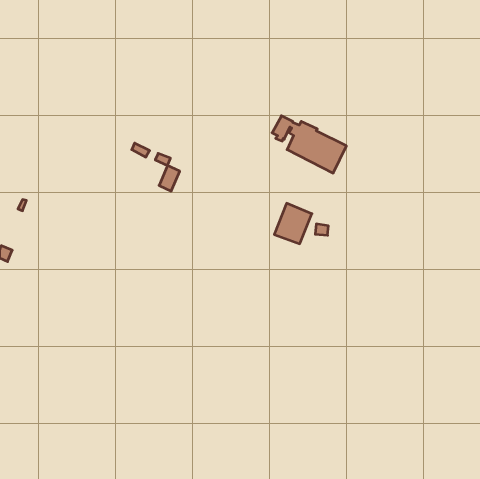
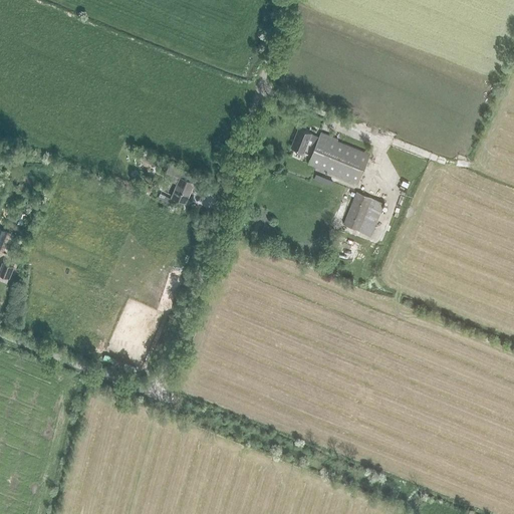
building: [274,203,312,244] -> [342,194,382,237]

